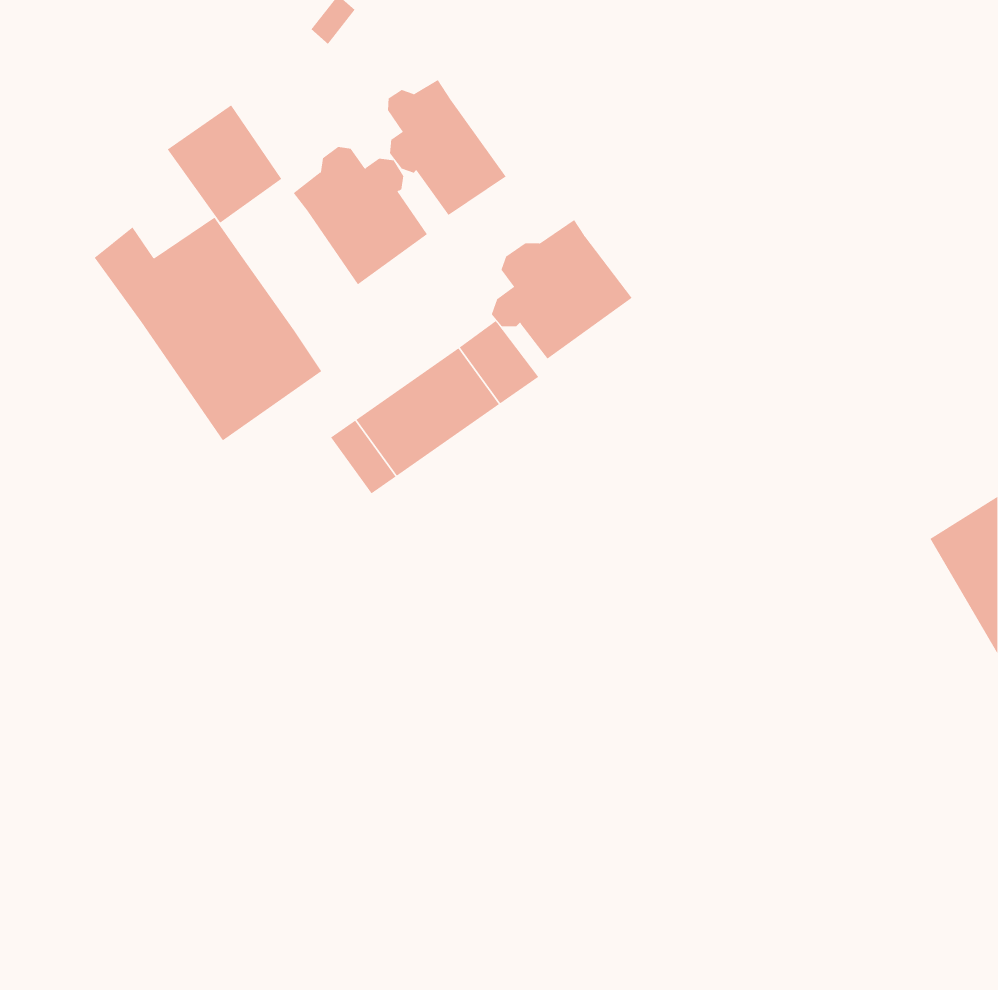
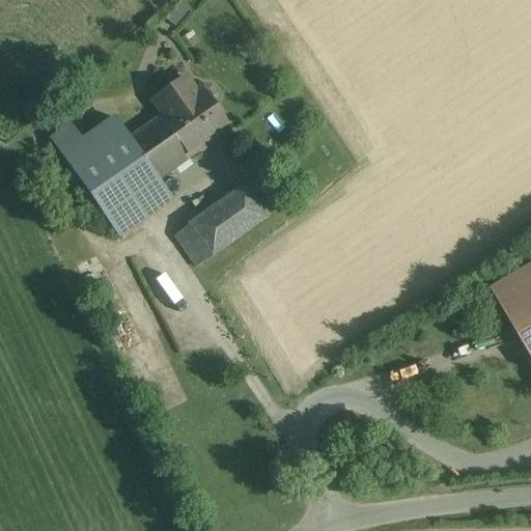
building: [387,79,506,216] -> none
building: [167,105,282,224] -> [129,112,190,175]
building: [491,219,633,360] -> none

